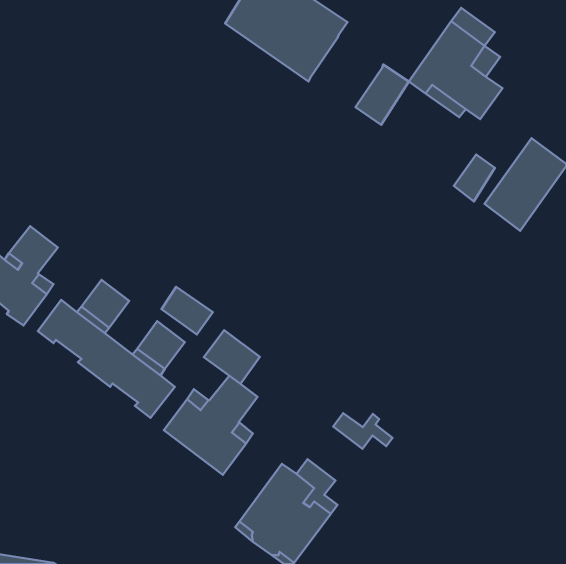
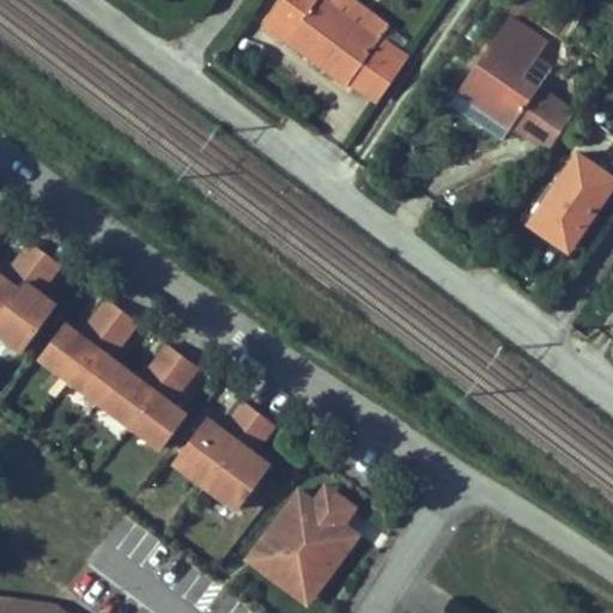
building: [355,65,409,125] -> [334,37,392,102]
building: [454,155,495,201] -> [516,95,560,145]
building: [161,287,213,334] -> none
building: [204,330,260,384] -> none
building: [333,413,392,449] -> none

